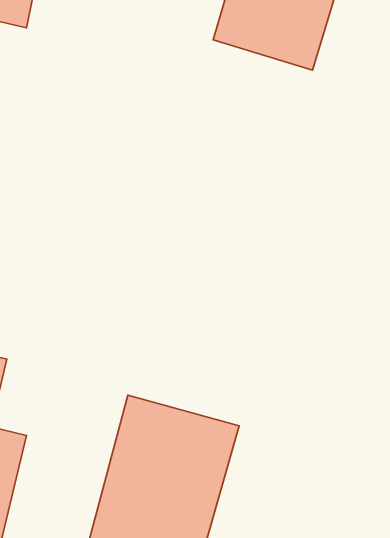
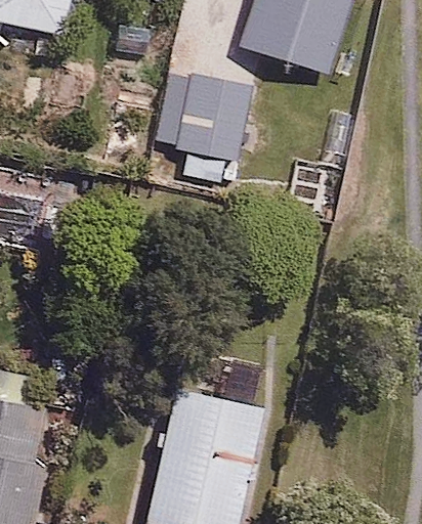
building: none -> [179,73,253,184]

